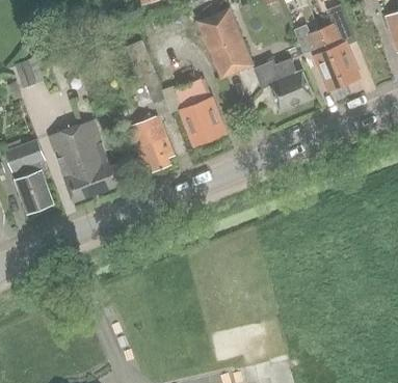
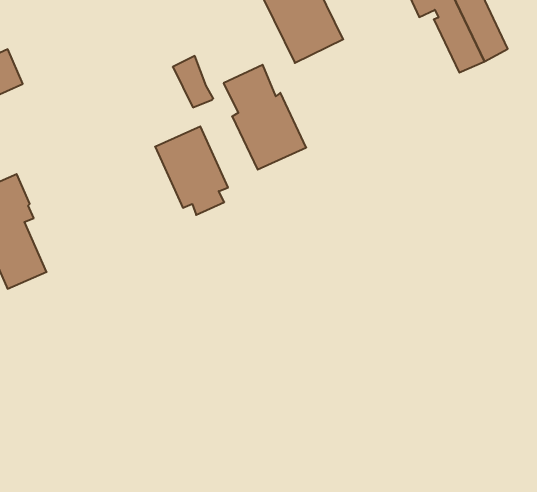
building: [254,59,313,110] -> none
building: [49,119,121,202] -> none

